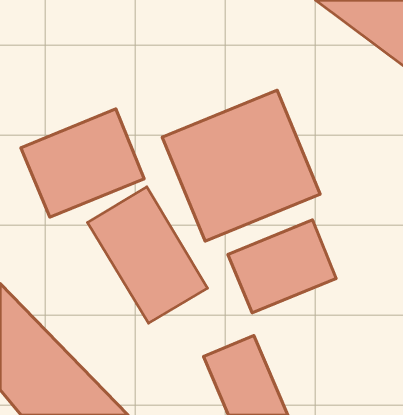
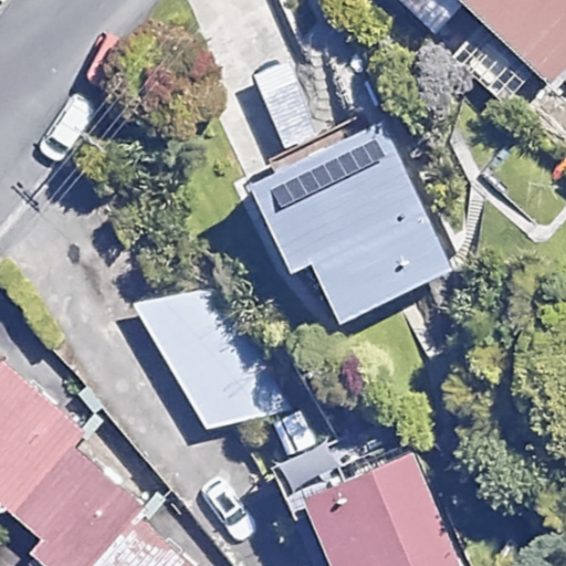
building: [21,109,144,217] -> none
building: [228,220,336,313] -> none

